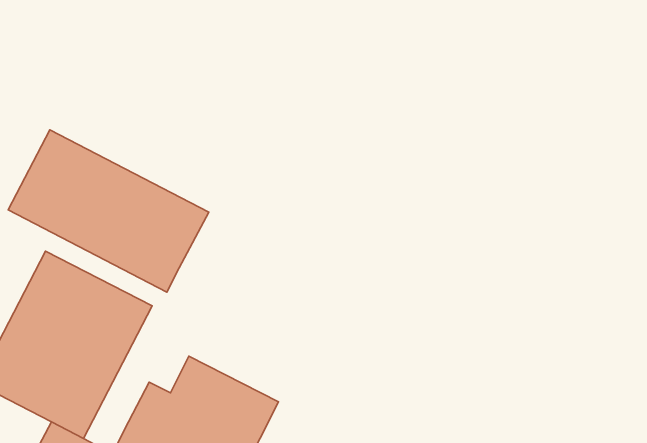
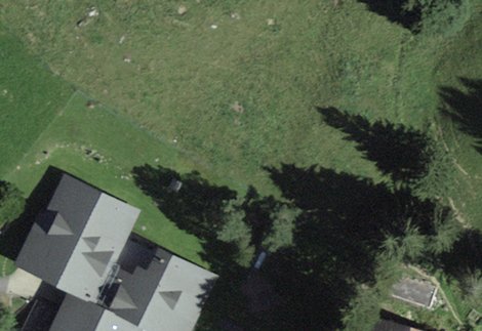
building: [8,130,209,292] -> none

